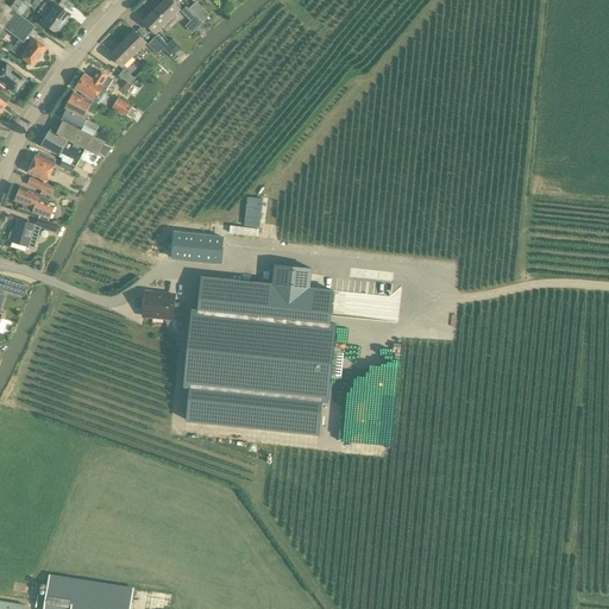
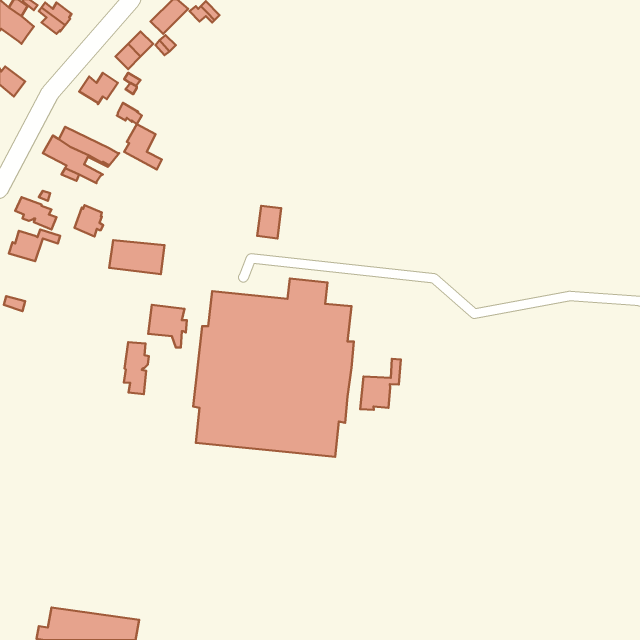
building: [10,34,44,65] -> none
building: [61,92,96,134] -> [124,124,162,169]
building: [29,151,56,181] -> [74,205,103,236]
building: [171,230,224,262] -> [109,240,165,274]
building: none -> [124,342,149,394]
building: none -> [360,359,401,410]

